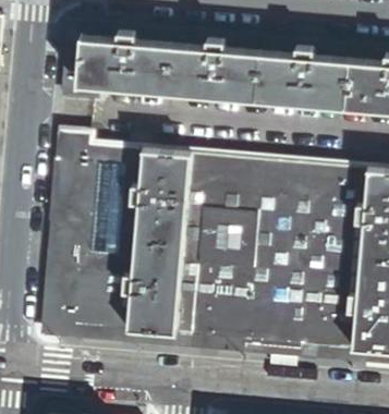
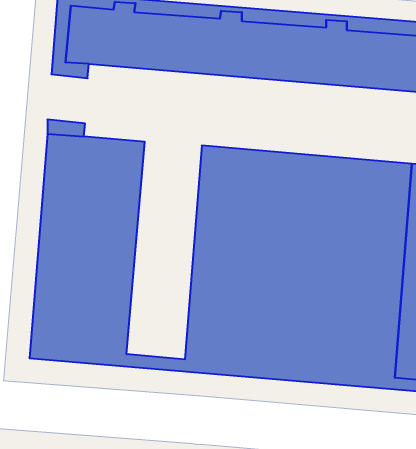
building: [127,150,191,333] -> none

